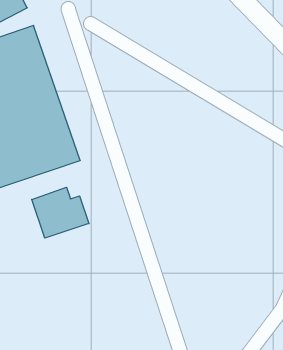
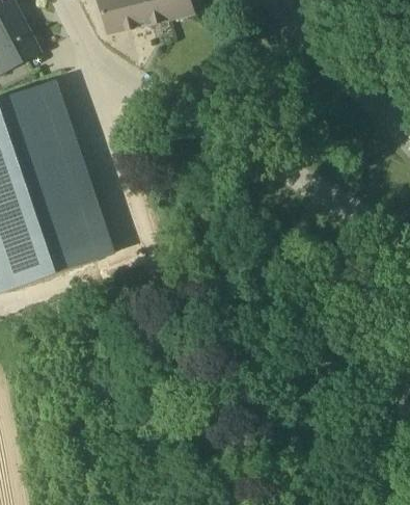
building: [32,187,89,238] -> none

